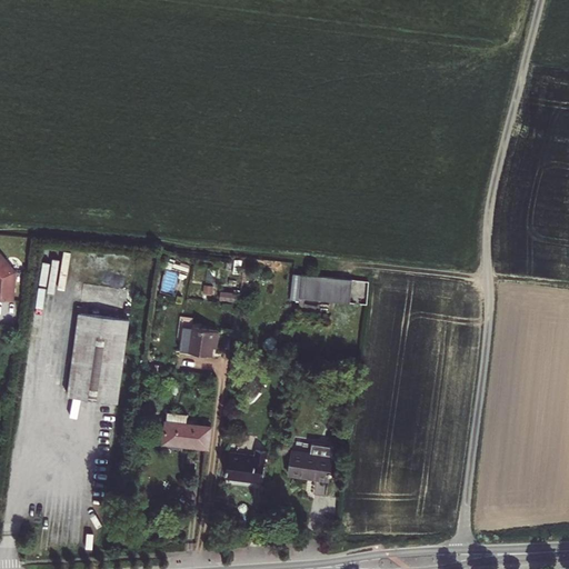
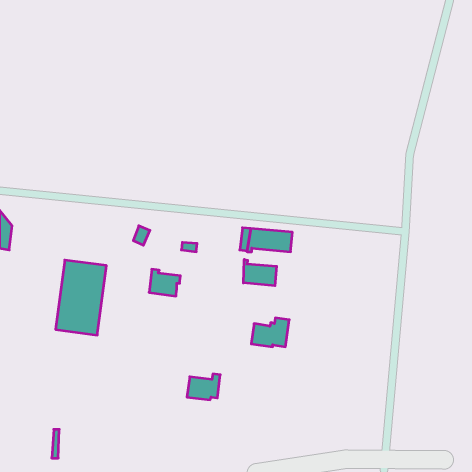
building: none -> [243,259,277,286]
building: [162,413,210,450] -> none
building: [287,445,332,479] -> [251,318,289,347]

